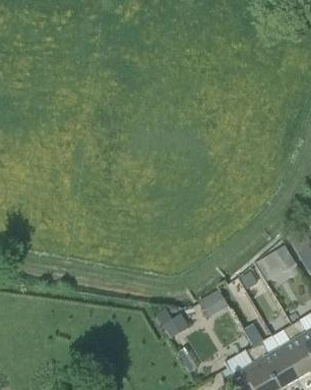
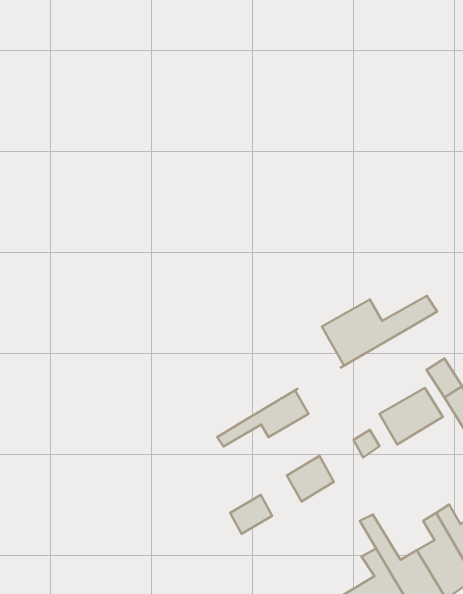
building: none -> [322,296,437,367]
building: none -> [217,389,309,446]

